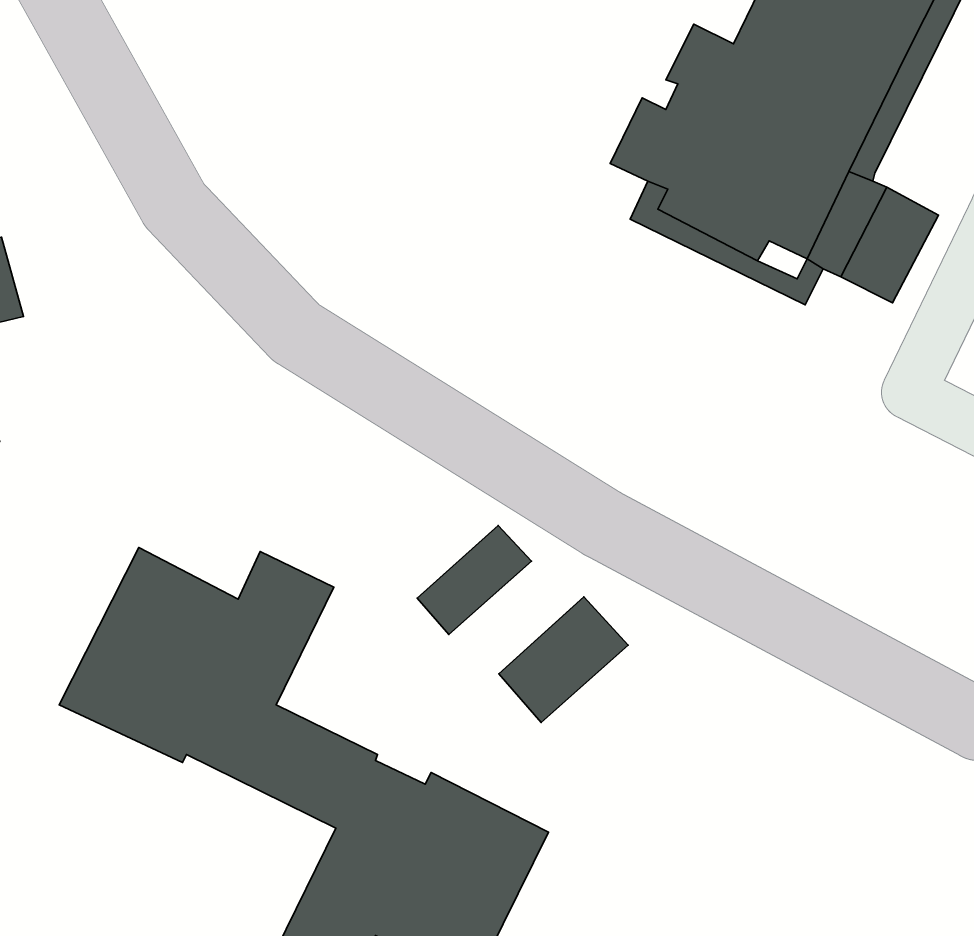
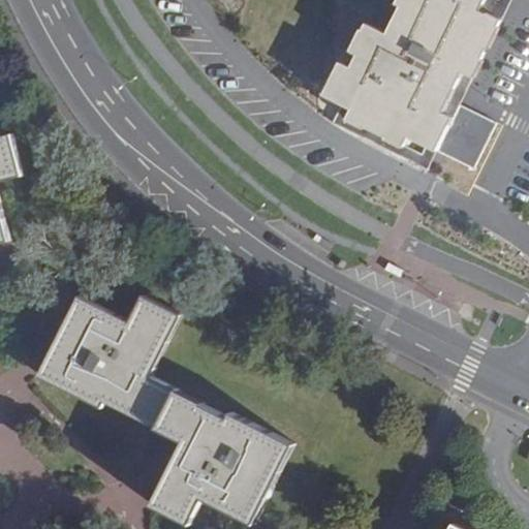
building: [417,526,532,635] -> none
building: [499,597,628,722] -> none

